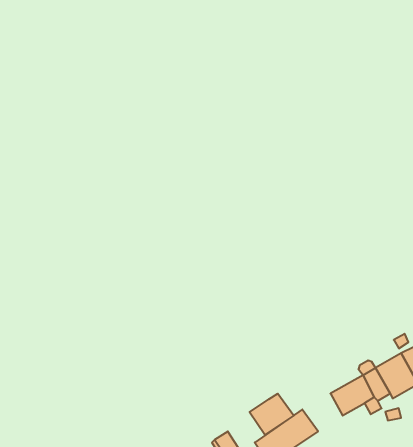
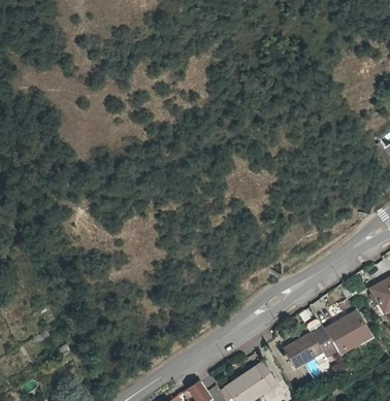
building: [250,394,294,435] -> none

